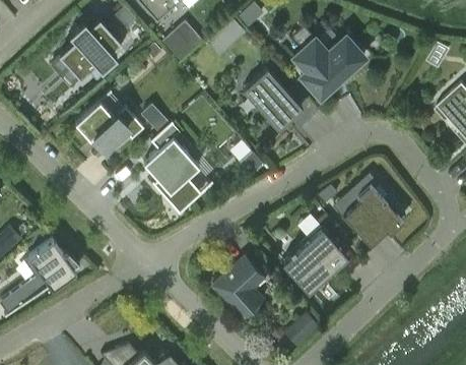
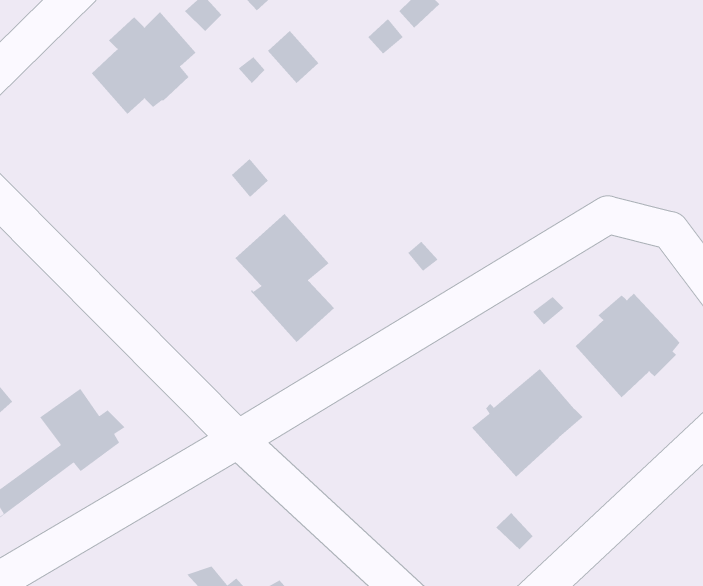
building: [293,37,364,99] -> none
building: [243,69,303,131] -> none
building: [75,103,144,149] -> none
building: [212,257,265,320] -> none

